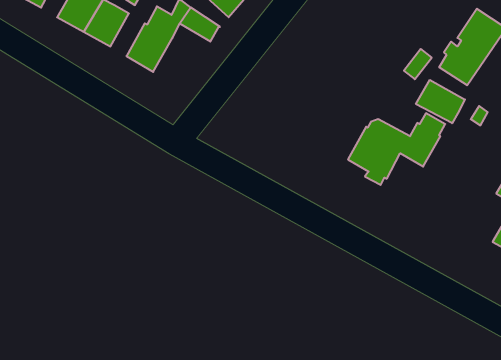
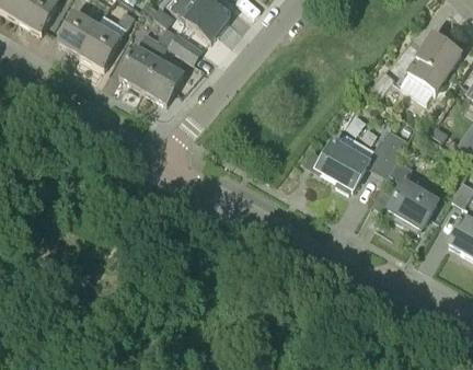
building: none -> [142,58,183,102]
building: [416,80,465,123] -> none
building: none -> [388,178,437,227]

